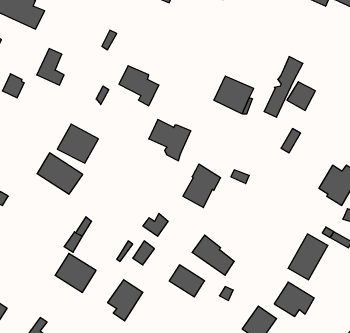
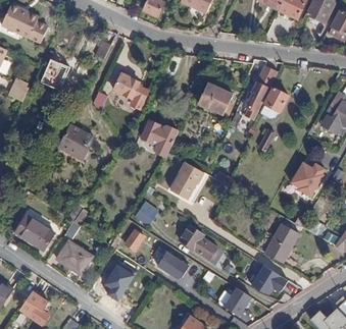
building: [37,153,83,194] -> [14,213,55,250]

